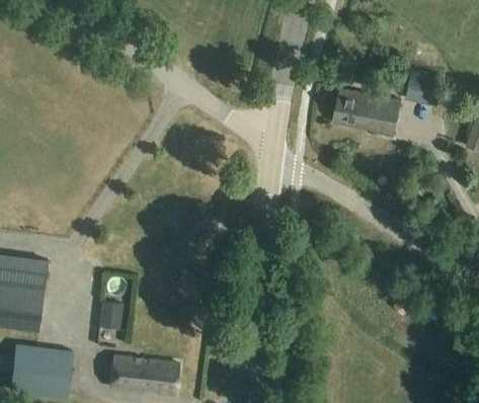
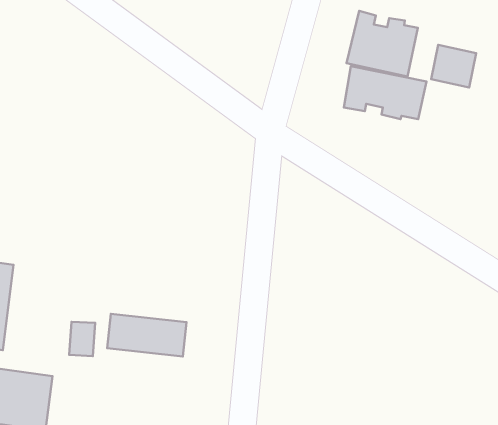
building: none -> [347,11,418,76]
building: [109,355,177,392] -> [107,314,186,356]

